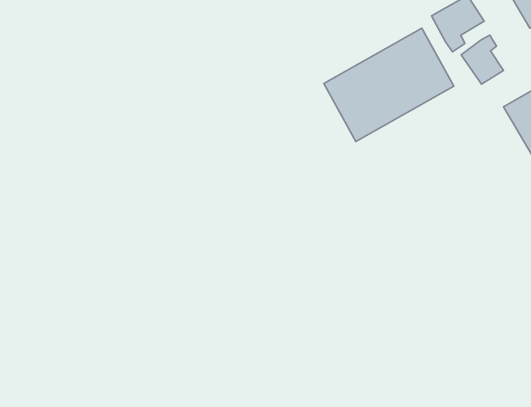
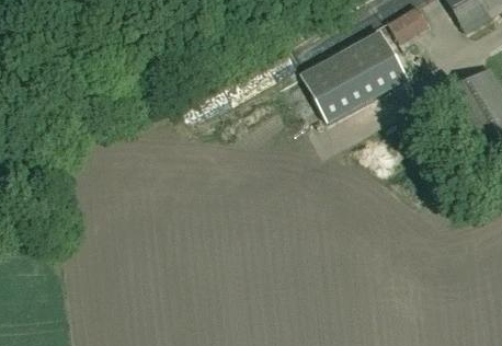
building: [461,35,504,84] -> none

